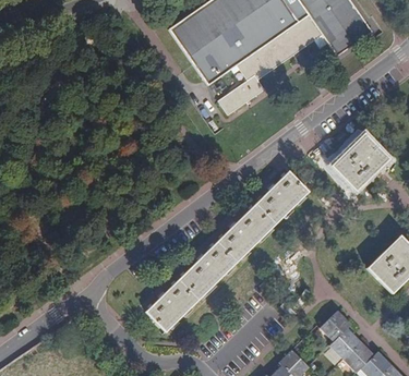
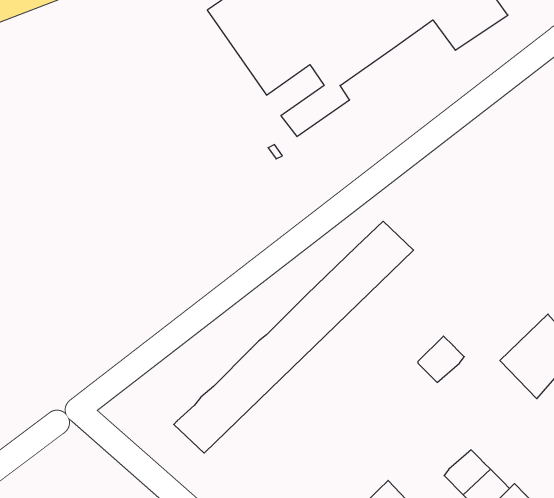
building: [332,133,389,191] -> none
building: [320,310,351,341] -> [418,336,464,382]

